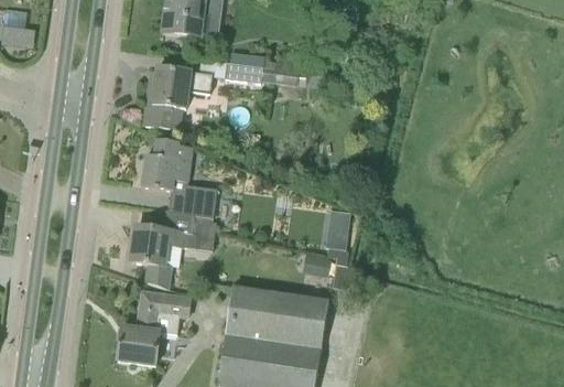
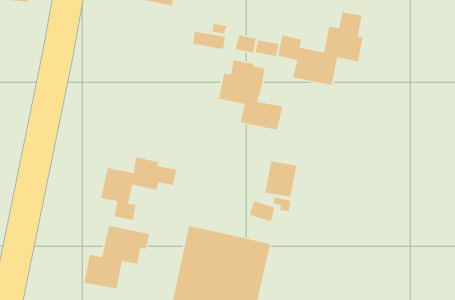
building: none -> [277,12,363,86]
building: [144,66,212,128] -> none
building: [141,139,216,217] -> [218,59,283,131]

